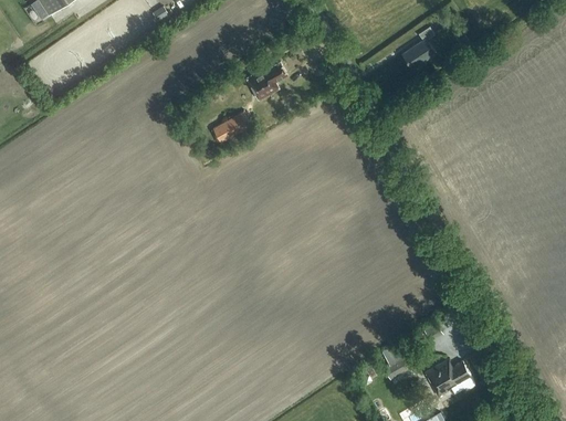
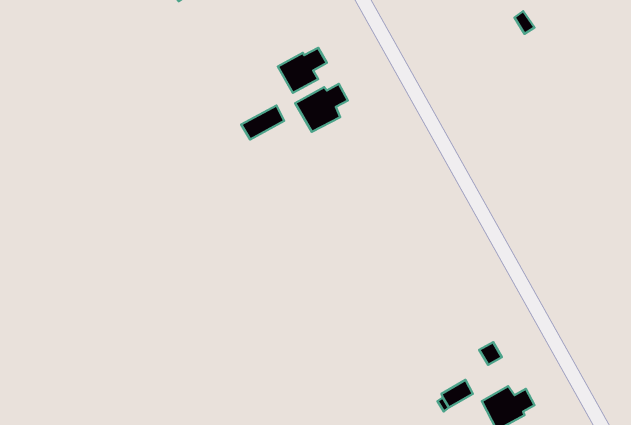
building: [401,28,436,70] -> none
building: none -> [295,84,348,132]

